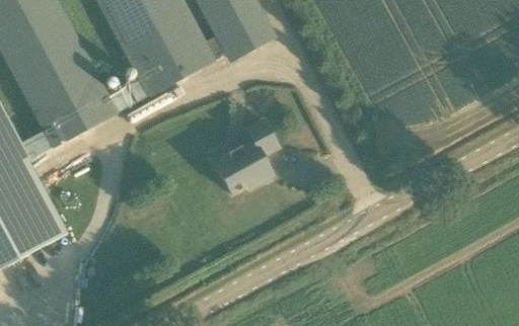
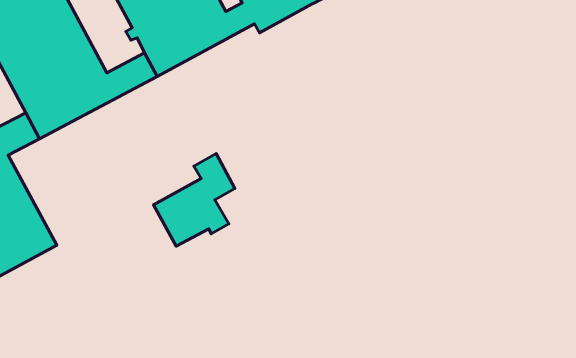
building: [212,118,278,193] -> [154,154,235,246]

